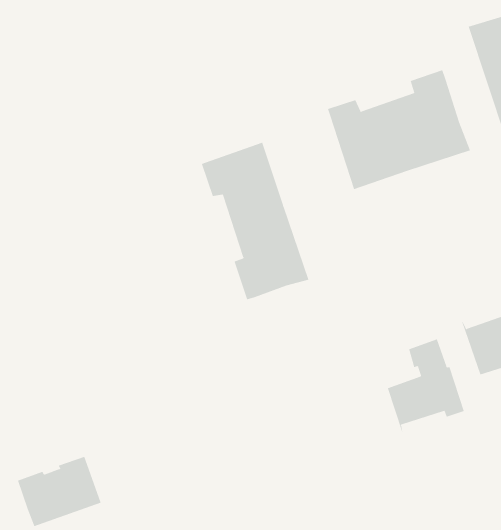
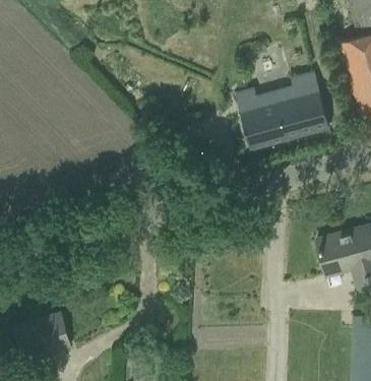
building: [201,142,309,300] -> none
building: [387,338,465,433] -> none

